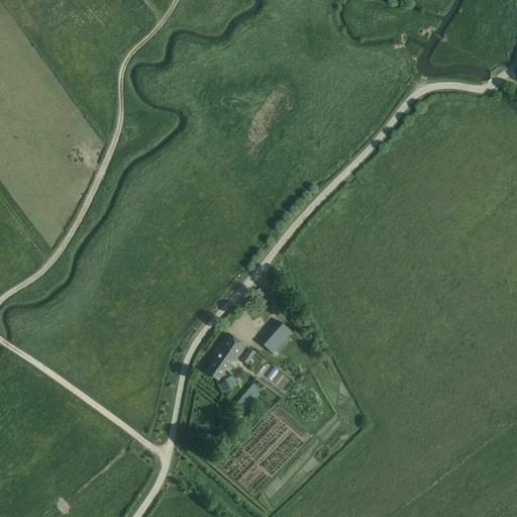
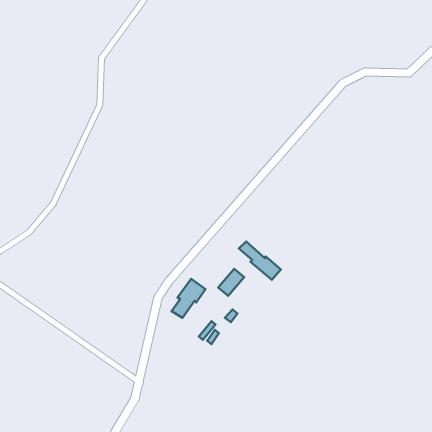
building: none -> [239,242,281,280]

